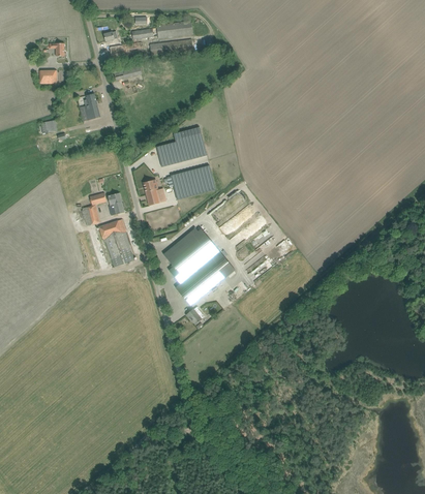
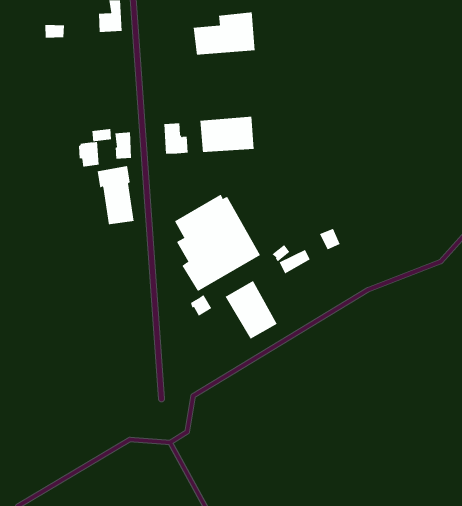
building: [156,126,207,166] -> [193,12,256,55]
building: none -> [225,280,278,339]

